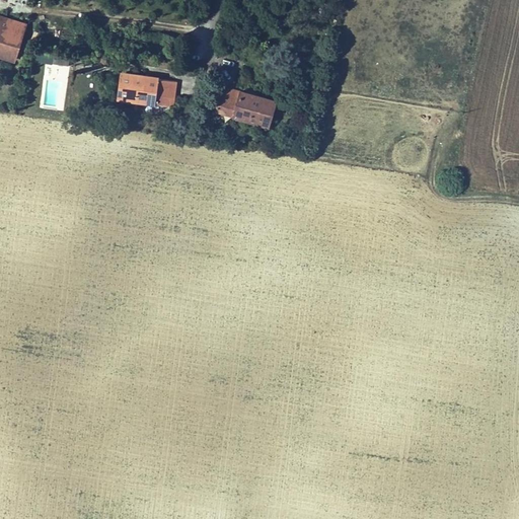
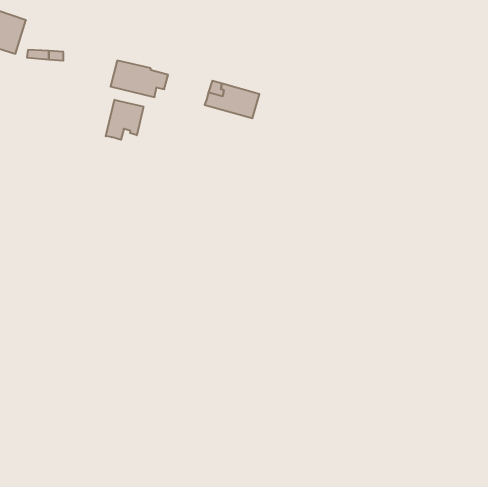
building: none -> [106,100,143,140]

